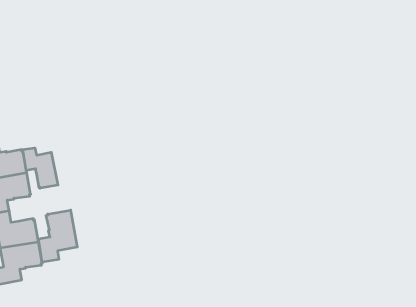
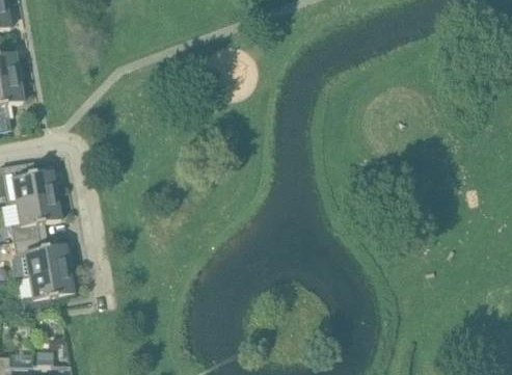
building: [23,148,58,188] -> none
building: [38,210,77,262] -> none

